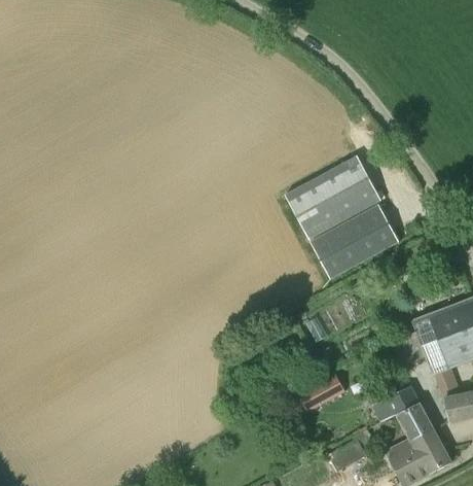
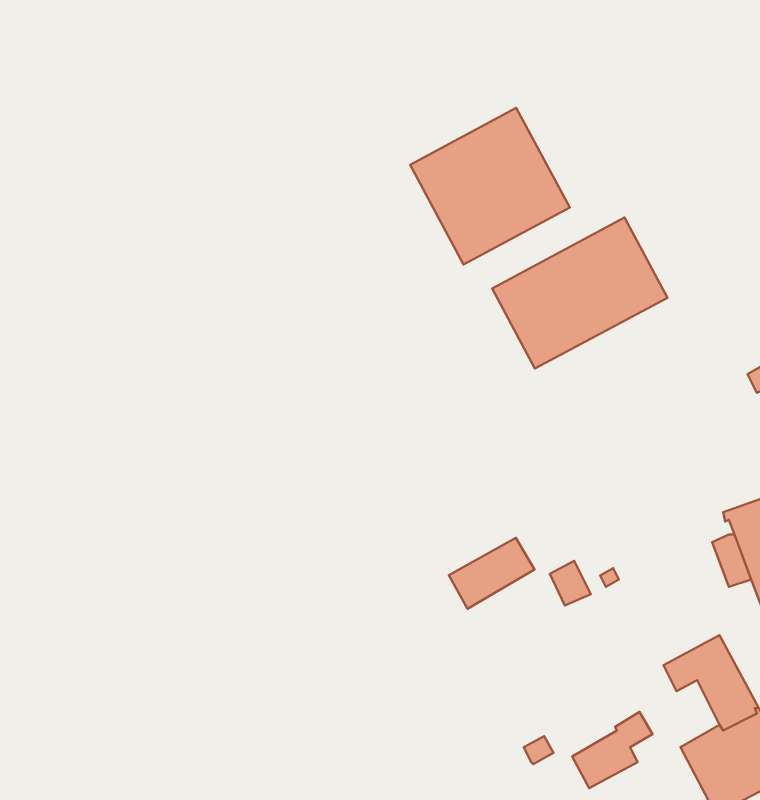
building: none -> [410,108,570,264]
building: [311,204,399,278] -> none
building: [298,373,345,412] -> [449,538,534,609]

